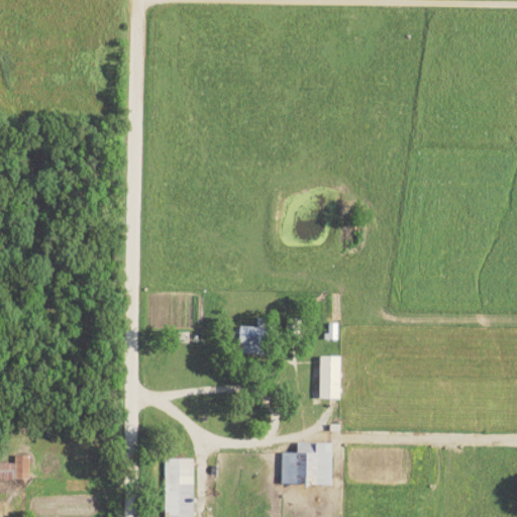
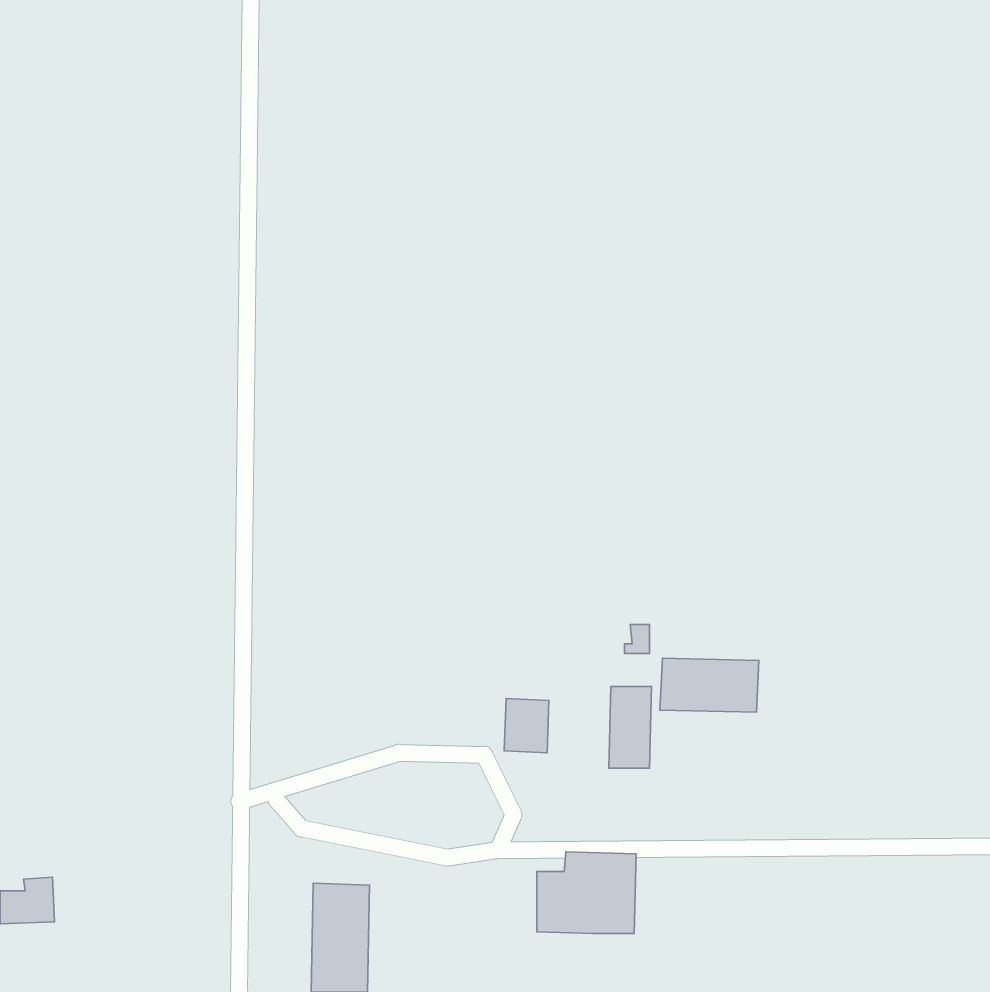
building: [235,326,258,354] -> [504,698,549,753]
building: none -> [660,658,759,712]

